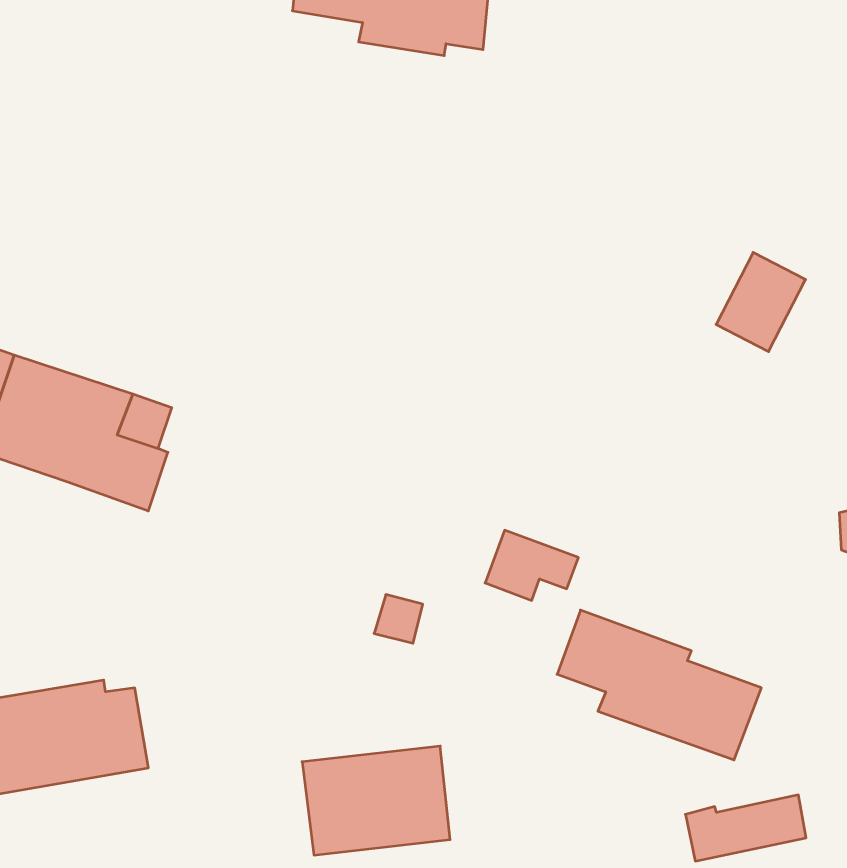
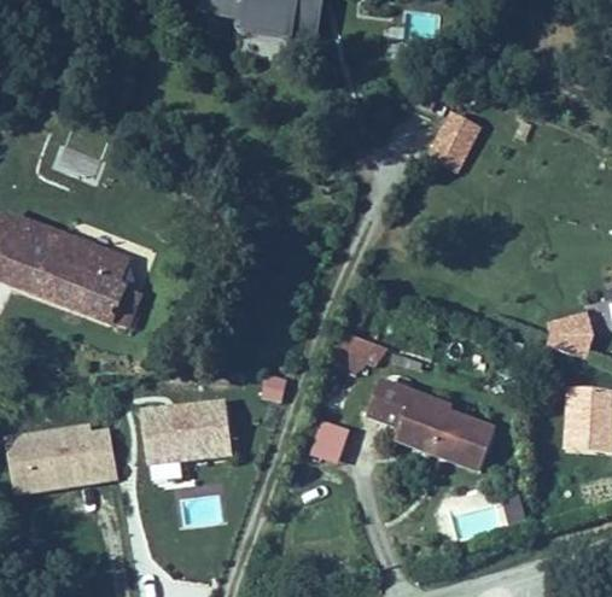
building: [716,252,806,352] -> [431,106,486,168]
building: none -> [307,419,350,463]
building: [302,746,450,855] -> [140,398,232,466]

